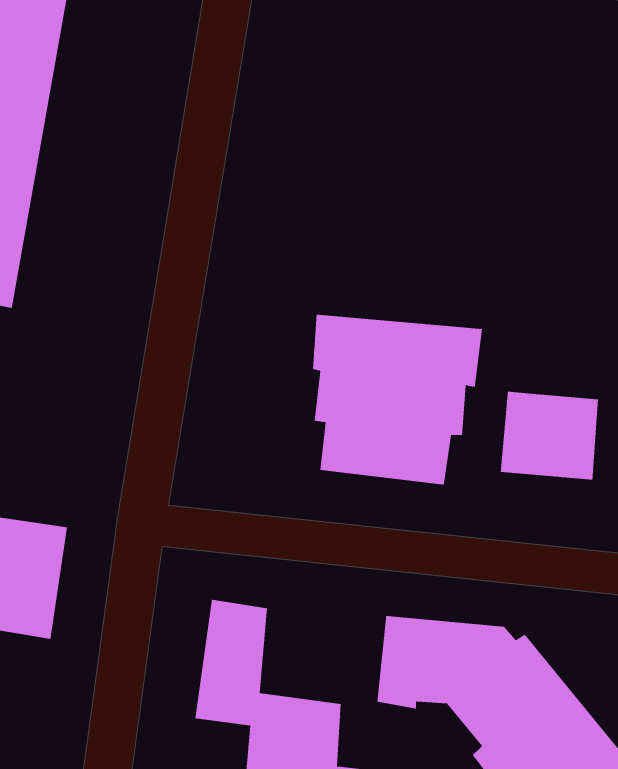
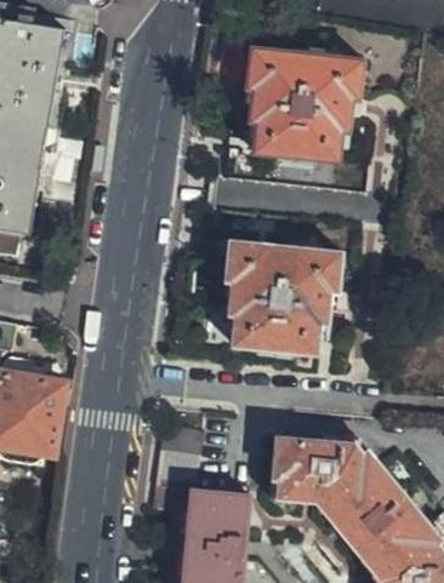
building: none -> [247,46,362,160]
building: [500,391,598,481] -> none

